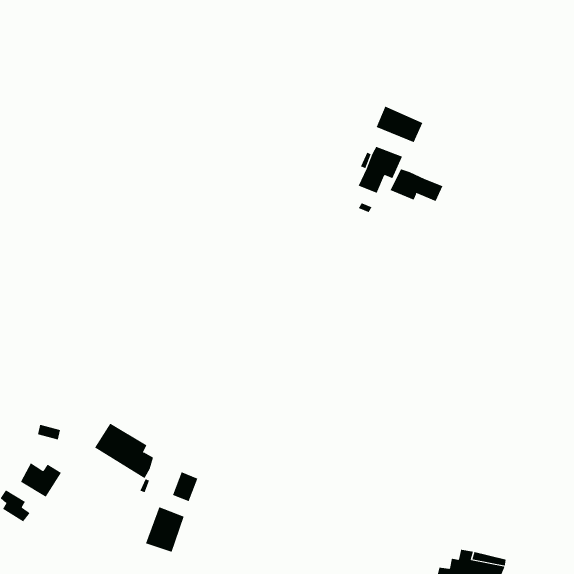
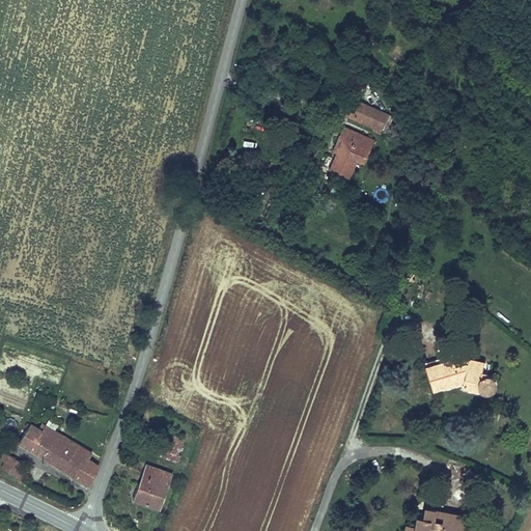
building: [390,169,443,202] -> none
building: none -> [426,358,497,394]
building: [94,423,154,479] -> [44,437,99,488]

